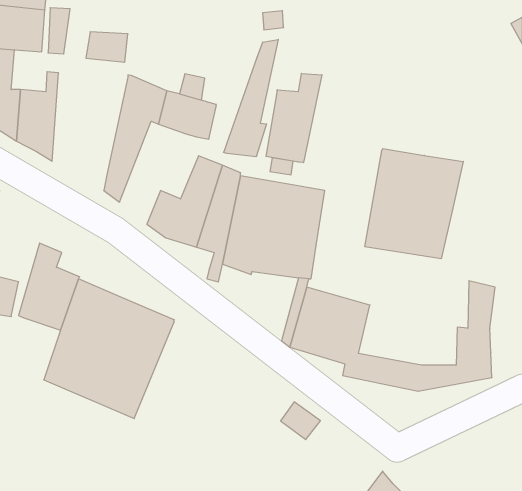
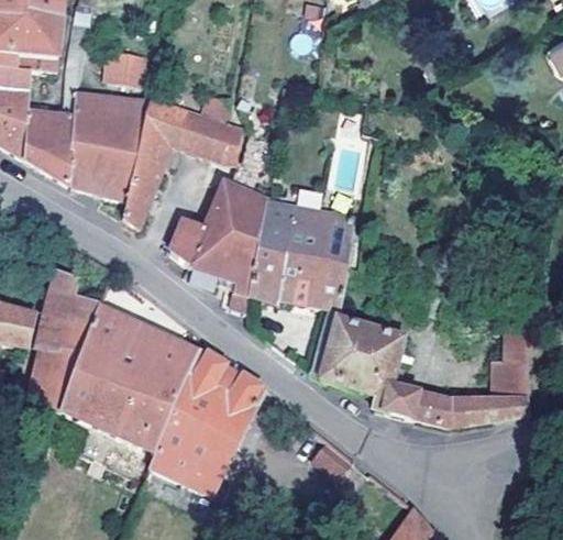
building: [224,39,278,157] -> none
building: none -> [69,92,148,199]
building: [266,73,322,163] -> none
building: [365,149,463,259] -> none
building: none -> [24,349,78,414]
building: none -> [150,353,265,497]

